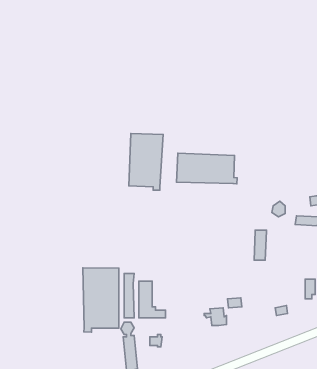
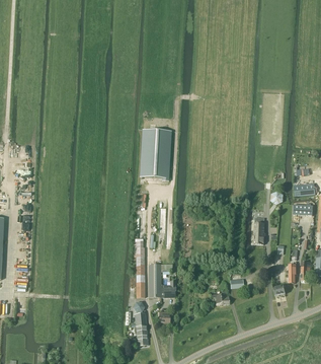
building: [176,153,237,184] -> none
building: [83,268,119,332] -> none

